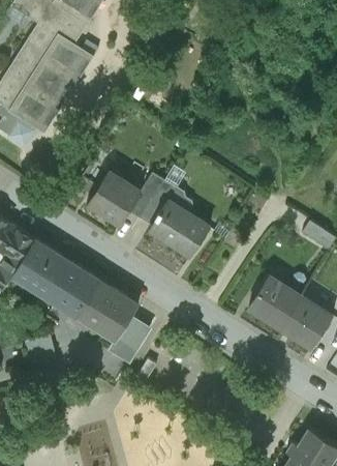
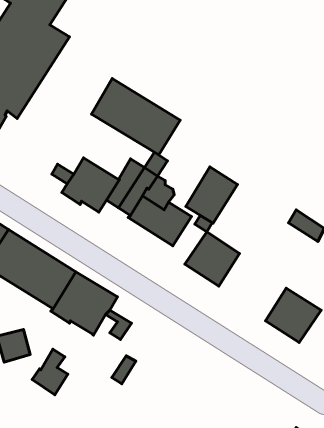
building: none -> [91,78,180,155]
building: none -> [186,167,237,223]
building: [247,274,299,326] -> [185,232,239,286]
building: [108,320,142,363] -> [32,349,68,395]

